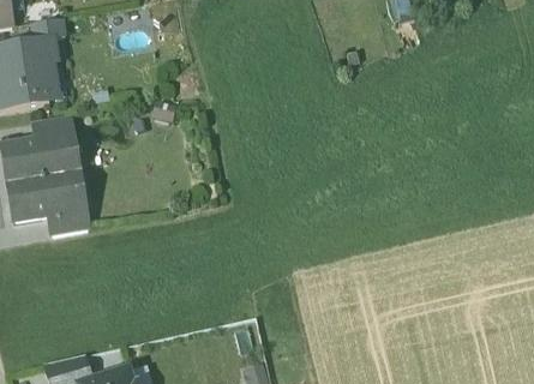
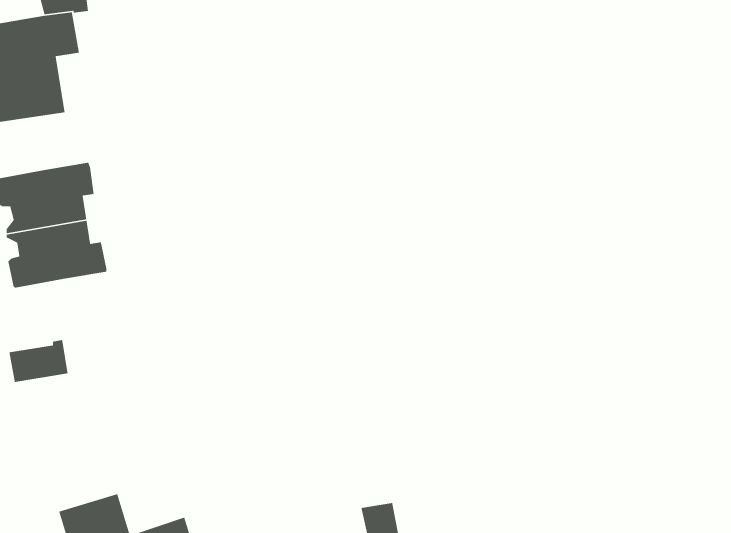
building: [34,114,73,139] -> none
building: [48,204,88,233] -> [9,339,68,383]

